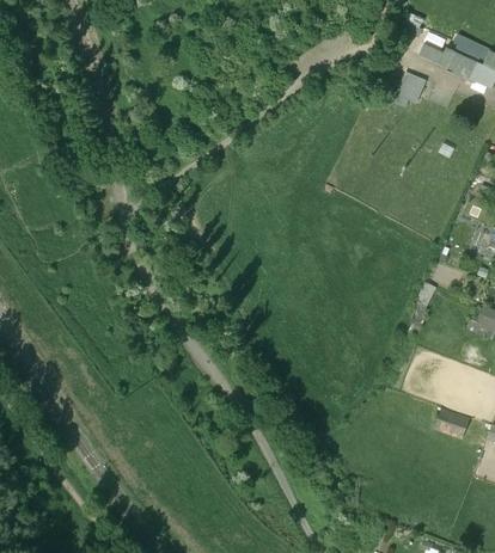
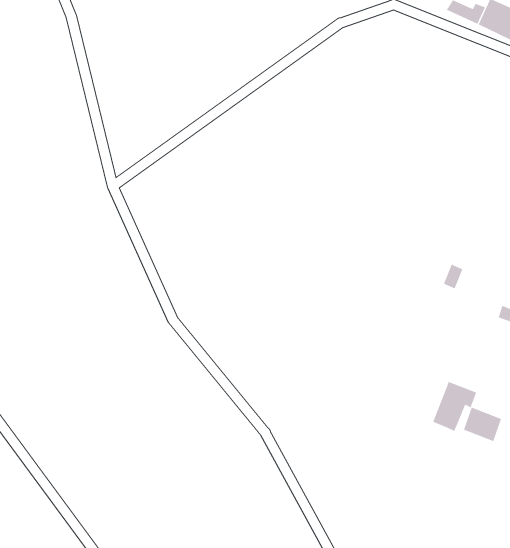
building: [392,70,426,106] -> none
building: none -> [432,381,477,432]

